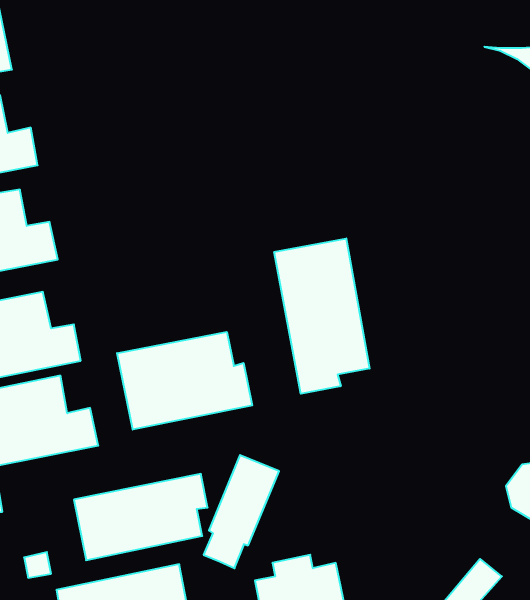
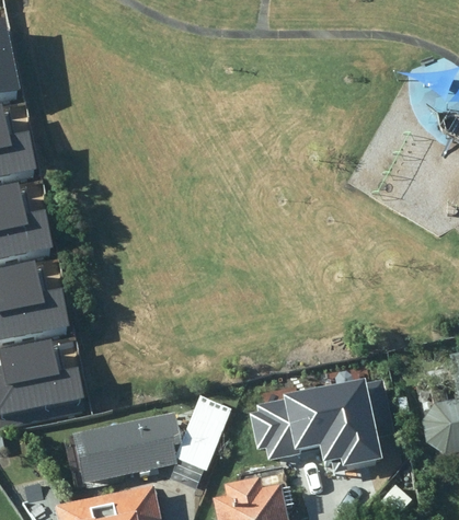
building: [274,238,370,394] -> none
building: [117,332,252,430] -> none
building: none -> [252,374,391,466]

